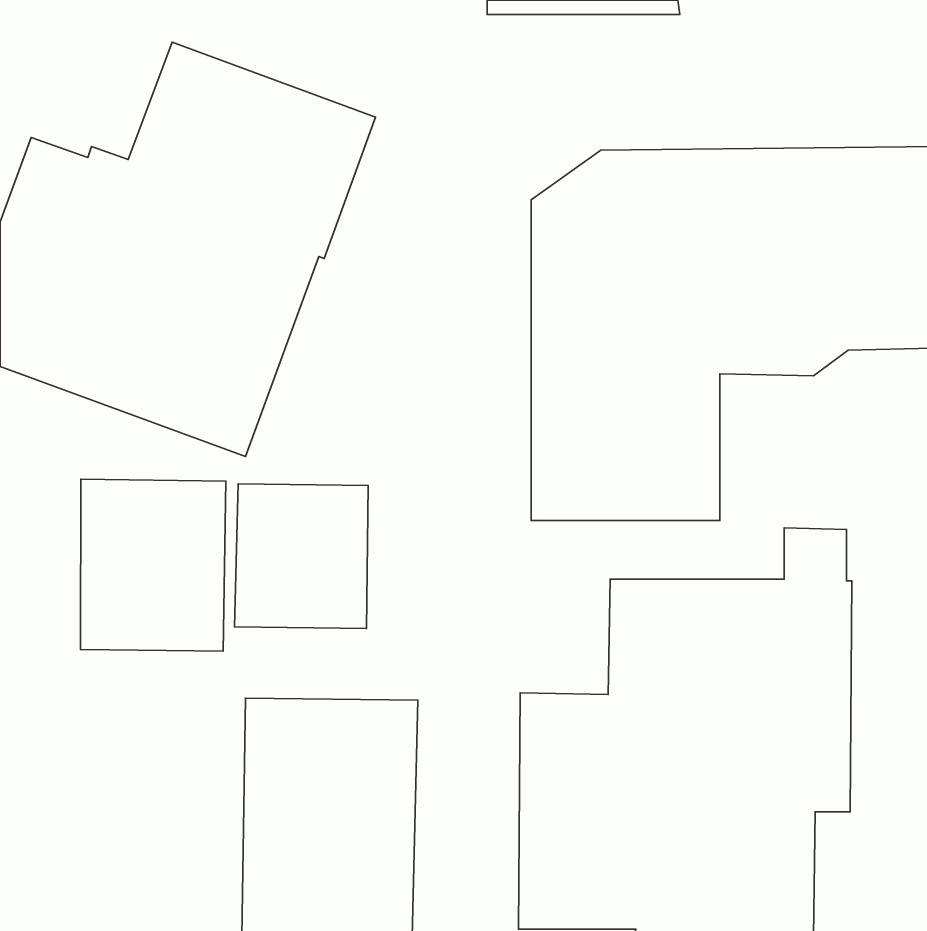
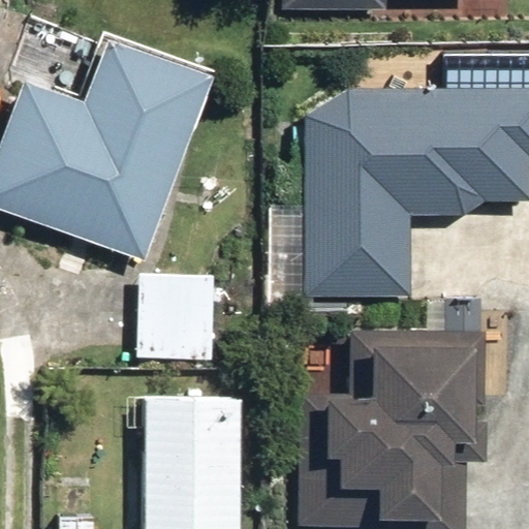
building: [80,479,226,651] -> none

